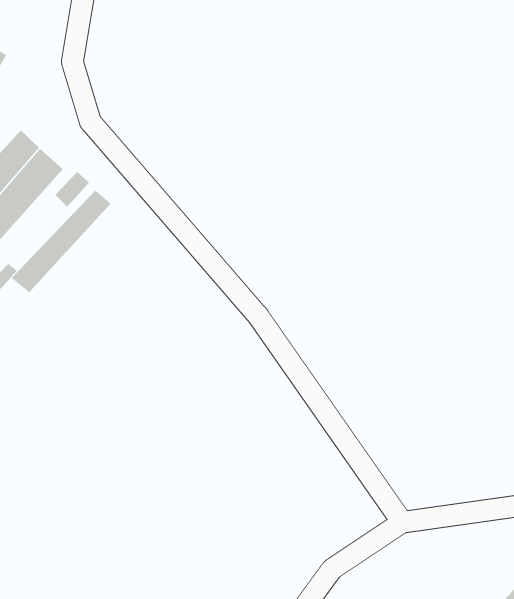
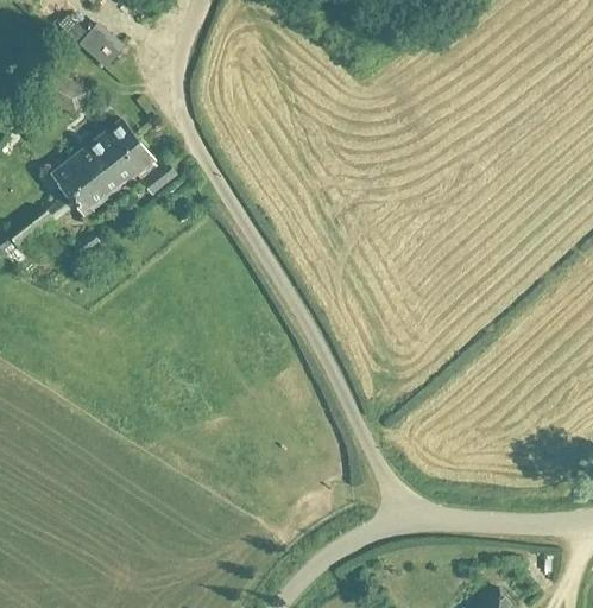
building: [11,190,111,293] -> none

